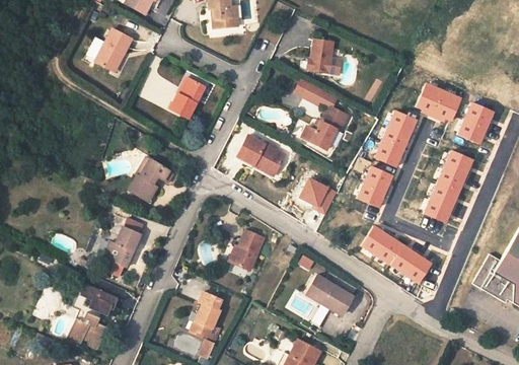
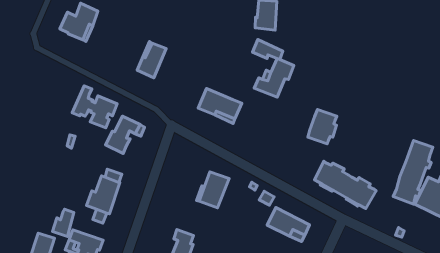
building: [417,84,460,121] -> none
building: [458,103,493,144] -> none
building: [375,112,416,166] -> none
building: none -> [72,86,117,128]
building: [424,151,472,223] -> [393,141,433,204]
building: [298,179,337,216] -> none
building: none -> [52,209,74,236]

